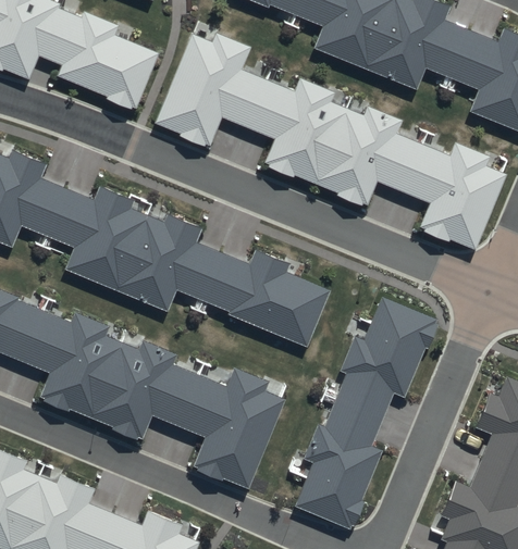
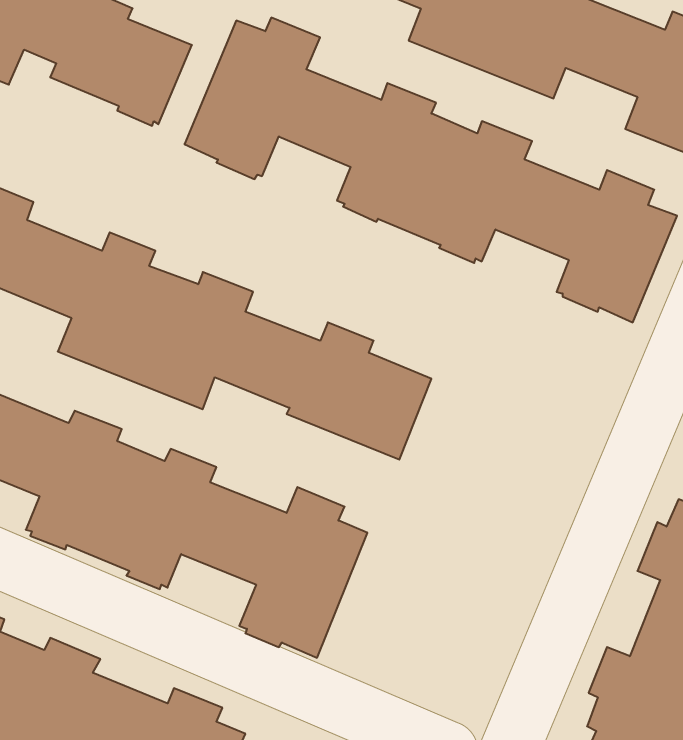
building: [294,298,437,529] -> none

